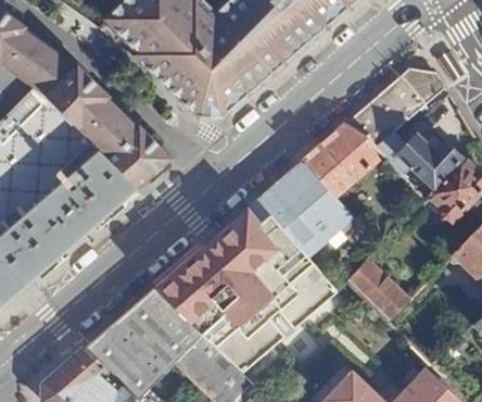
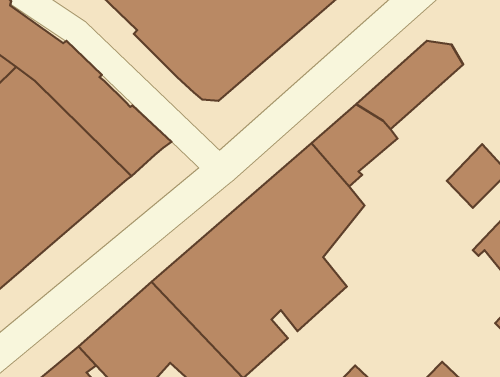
building: [376,133,459,191] -> none
building: [344,262,408,325] -> none

